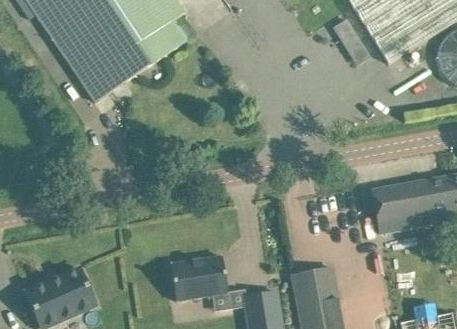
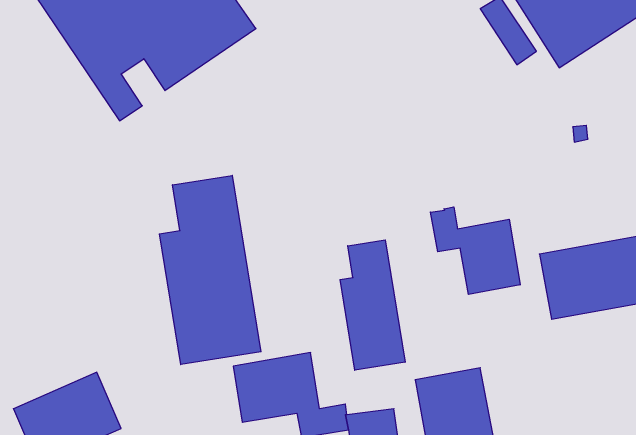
building: none -> [159,175,261,365]
building: none -> [430,207,520,294]
building: none -> [340,240,405,370]

